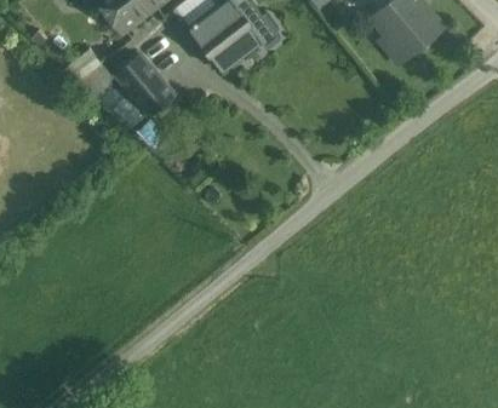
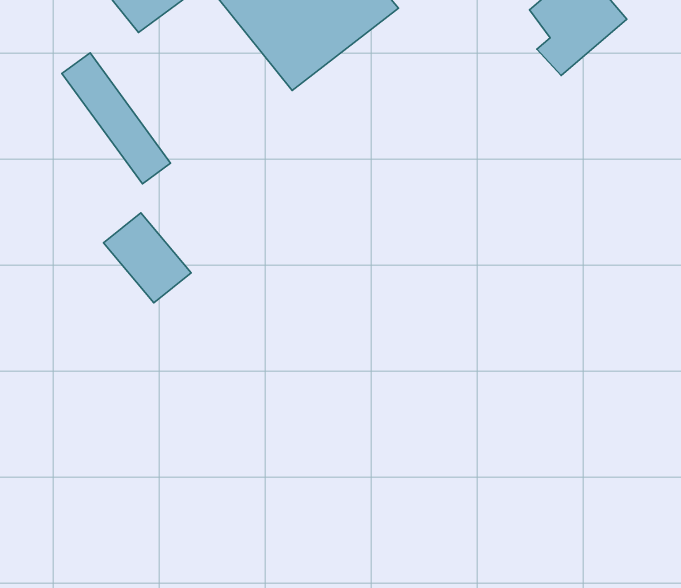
building: [116,56,173,114] -> [103,213,191,303]

